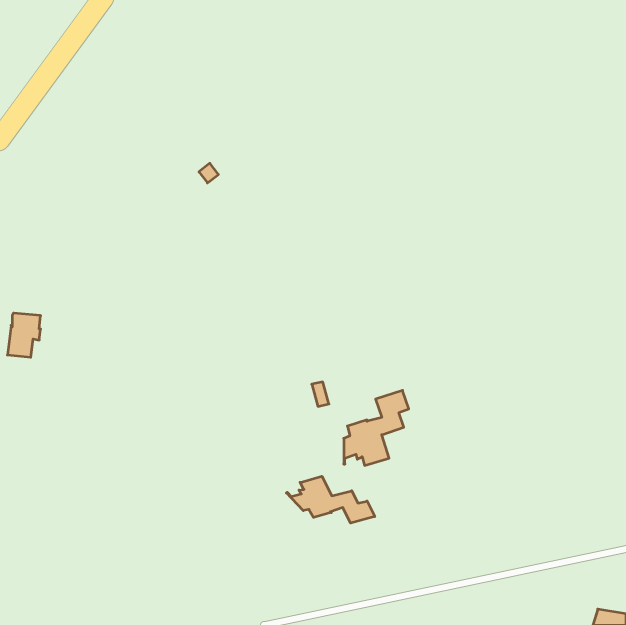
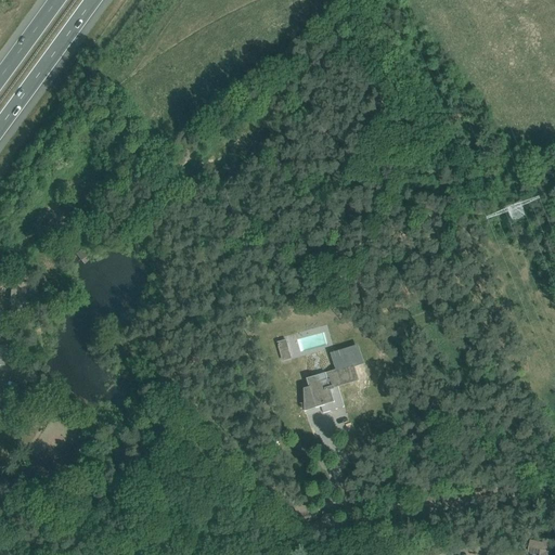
building: [286,476,375,523] -> none

